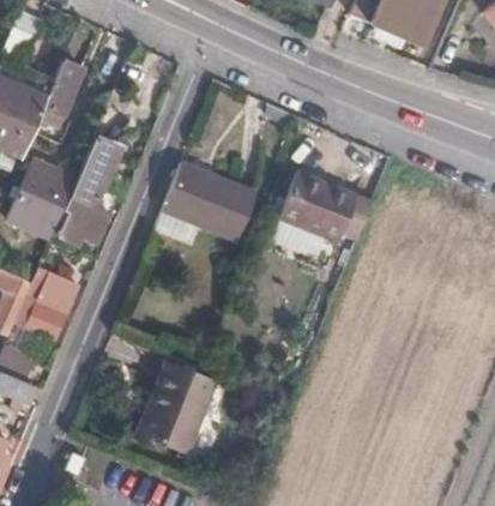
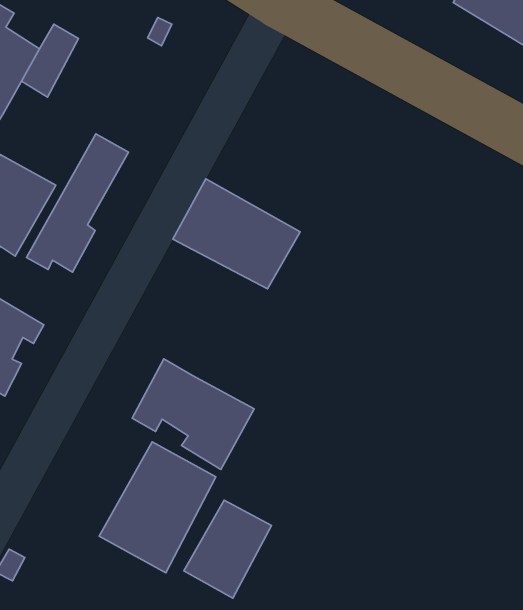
building: [277,171,352,241] -> none
building: none -> [132,359,254,470]
building: none -> [184,500,272,598]

